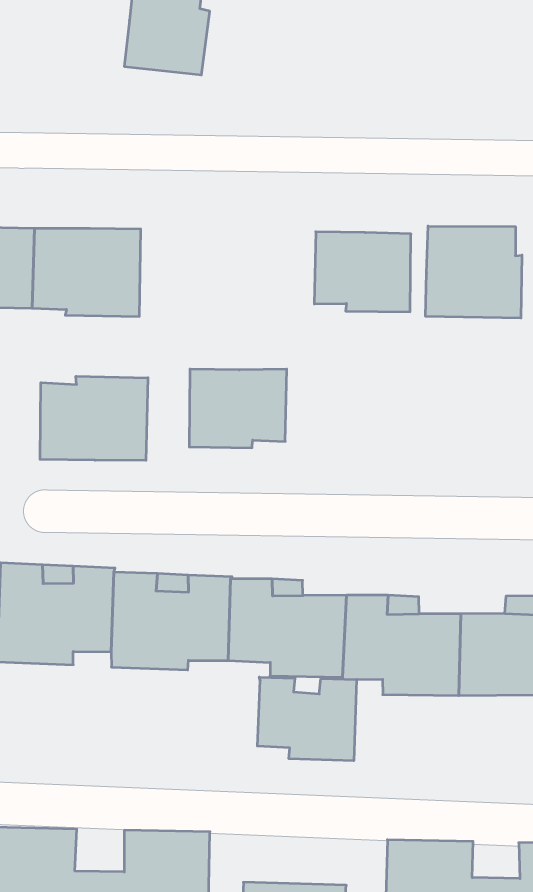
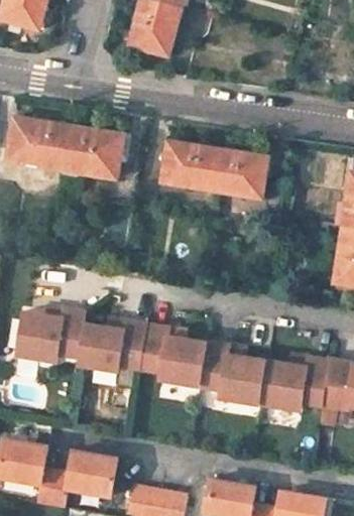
building: [426,226,522,318] -> none
building: [189,369,287,448] -> [159,141,217,187]
building: [40,376,148,460] -> none
building: [257,677,357,761] -> none

